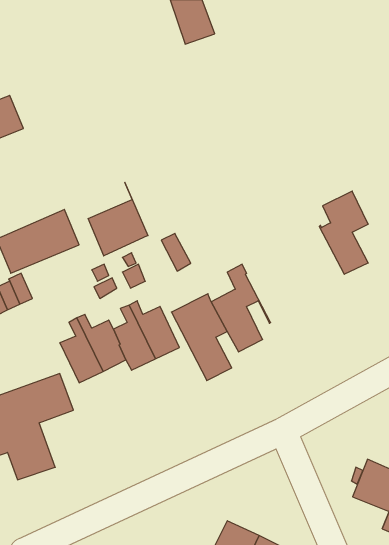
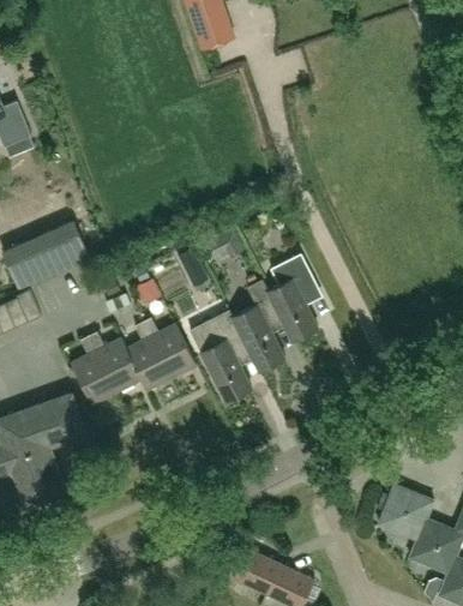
building: [88,182,148,256] -> none
building: [319,191,368,274] -> [266,252,318,340]

